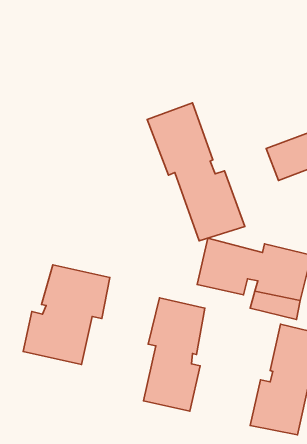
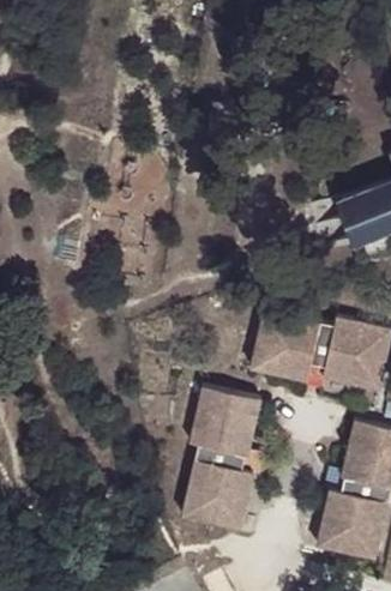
building: [147,103,245,241] -> none
building: [23,265,110,364] -> none

